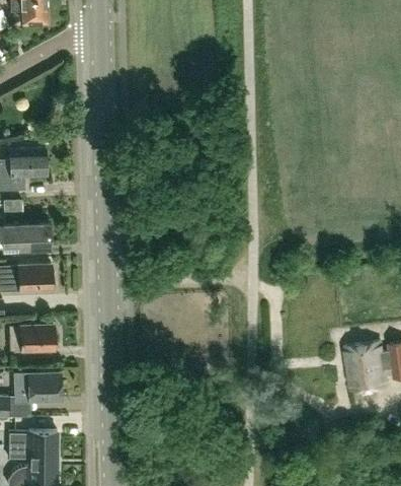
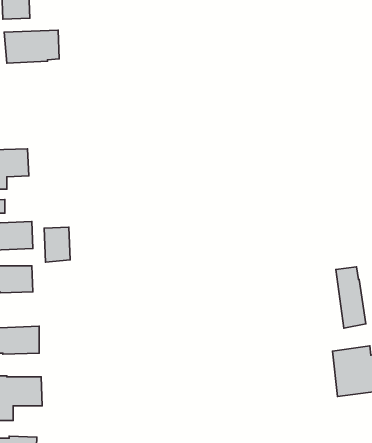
building: none -> [4,30,59,63]
building: none -> [44,227,70,262]
building: none -> [336,267,366,328]

